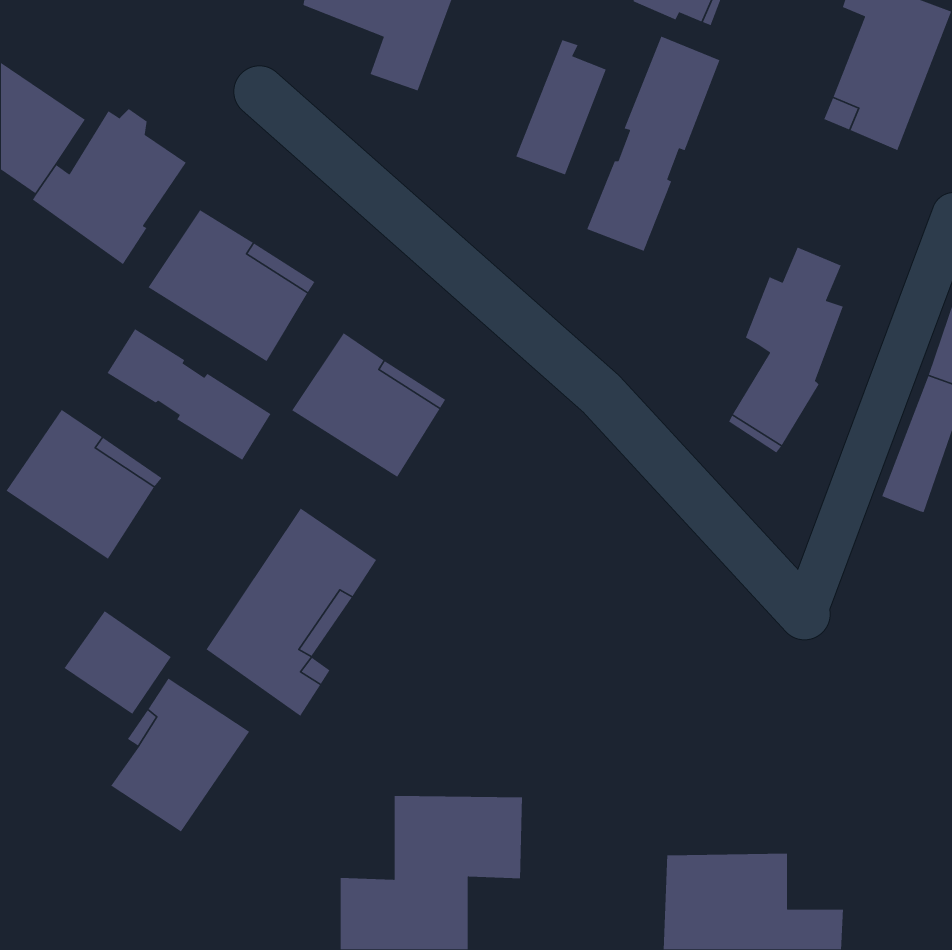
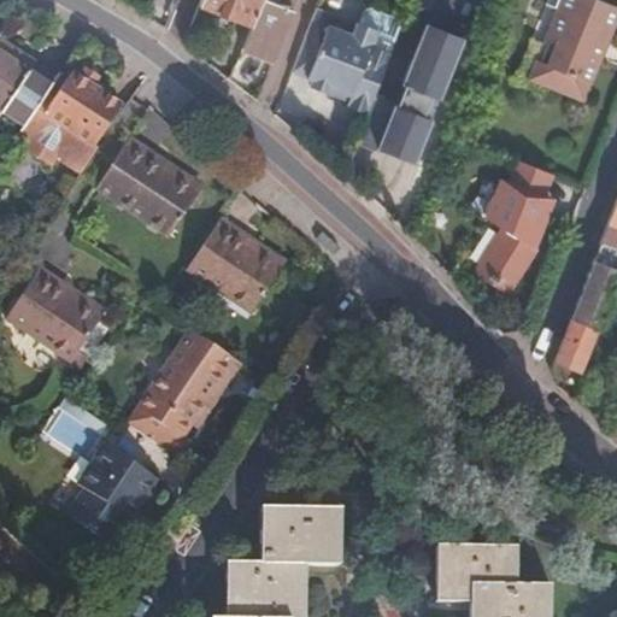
building: none -> [289,7,364,101]
building: [106,328,272,461] -> none
building: none -> [554,321,594,370]

